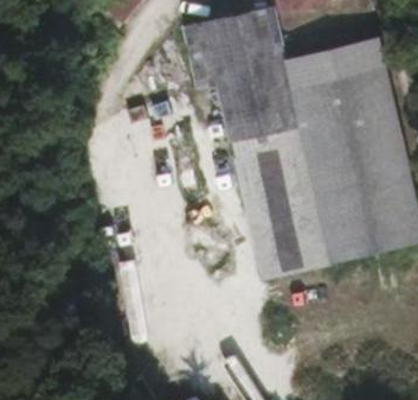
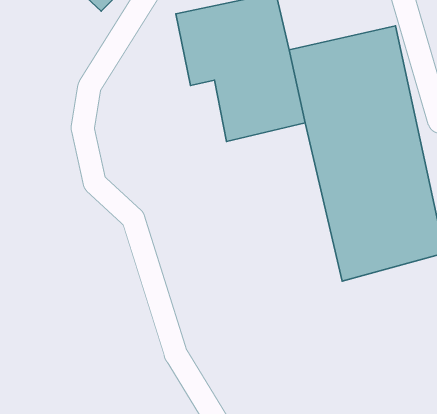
building: [230,122,333,280] -> none

